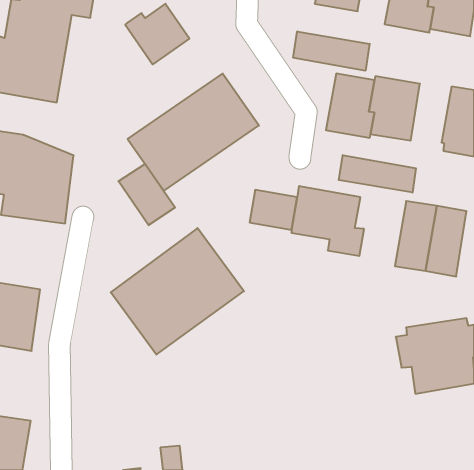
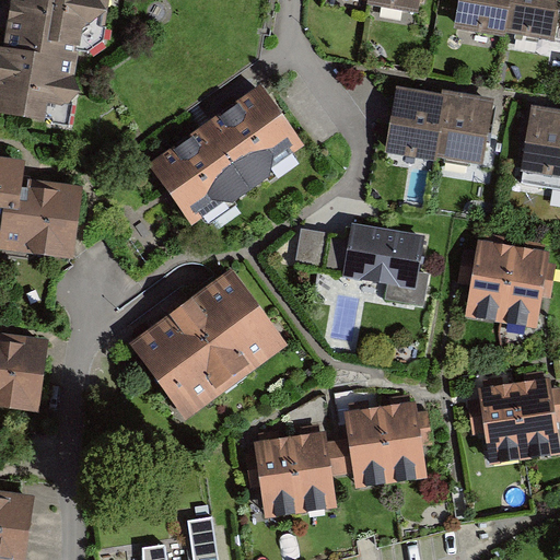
building: [125,4,189,64] -> none
building: [293,31,370,71] -> none
building: [339,155,416,193] -> none
building: [118,164,175,225] -> none
building: none -> [246,402,434,517]

